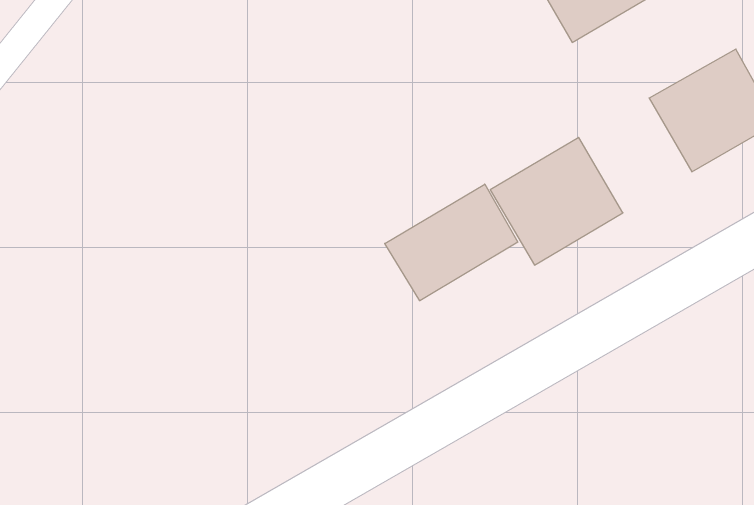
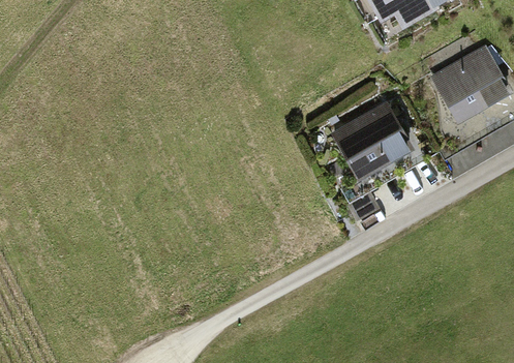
building: [385,184,518,301] -> none

